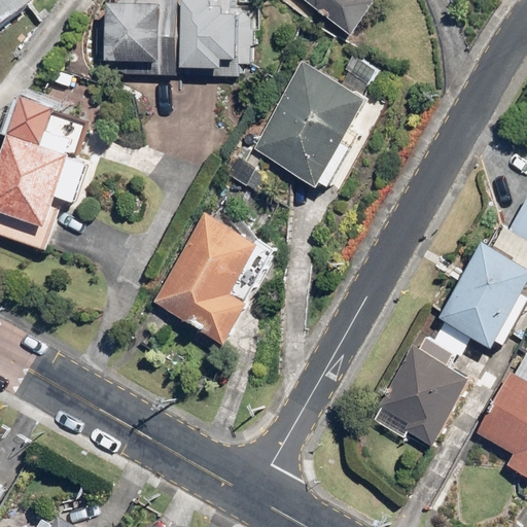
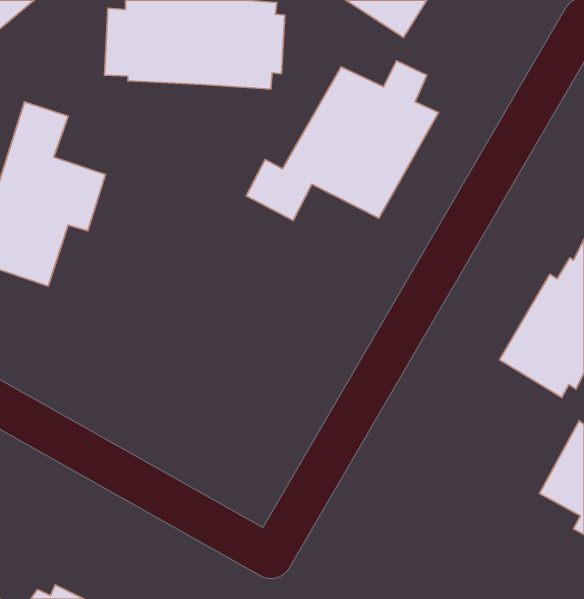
building: [149,209,260,345] -> none
building: [361,317,472,446] -> none

